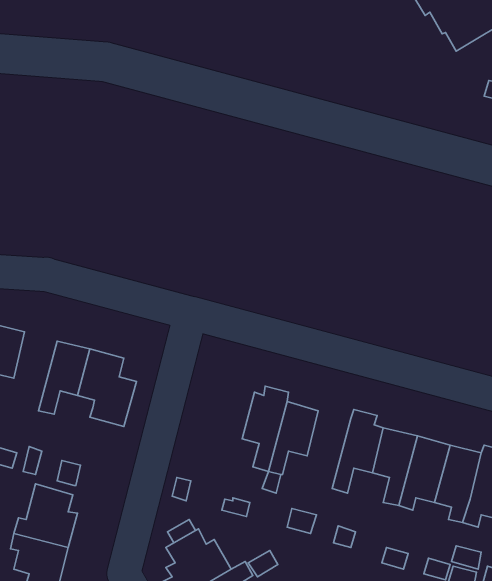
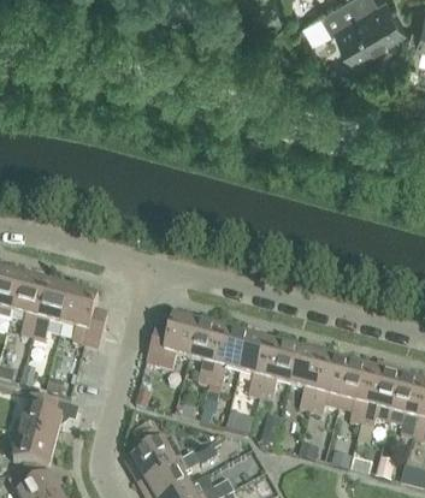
building: none -> [13,274,47,336]
building: none -> [147,315,200,368]
building: none -> [241,336,275,396]

